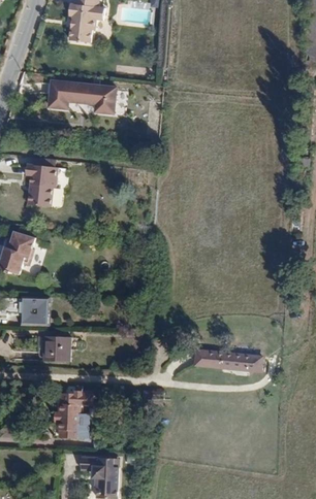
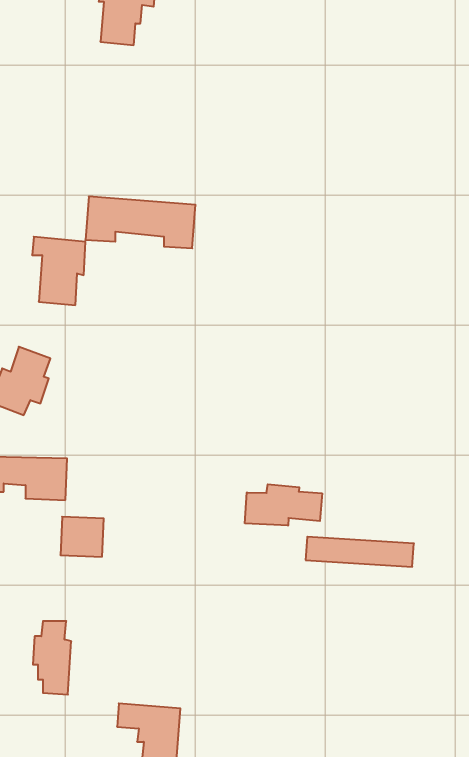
building: [48,77,116,109] -> [85,197,196,248]
building: none -> [245,484,322,526]
building: [58,394,82,439] -> [33,621,71,695]

